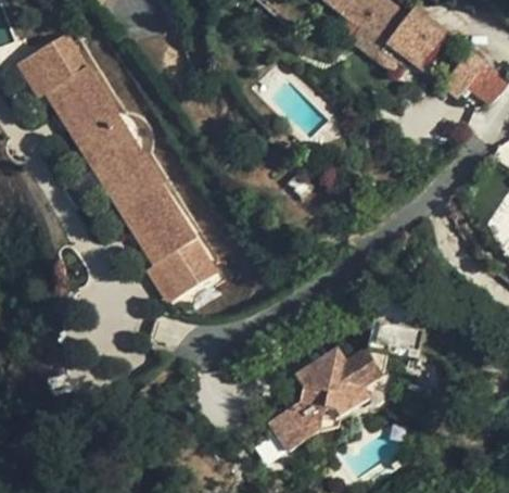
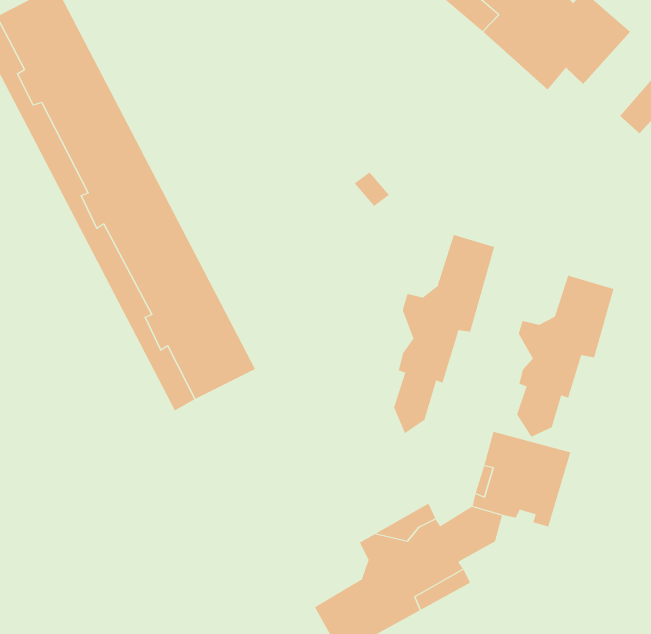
building: none -> [393,234,495,434]
building: none -> [516,275,614,437]

